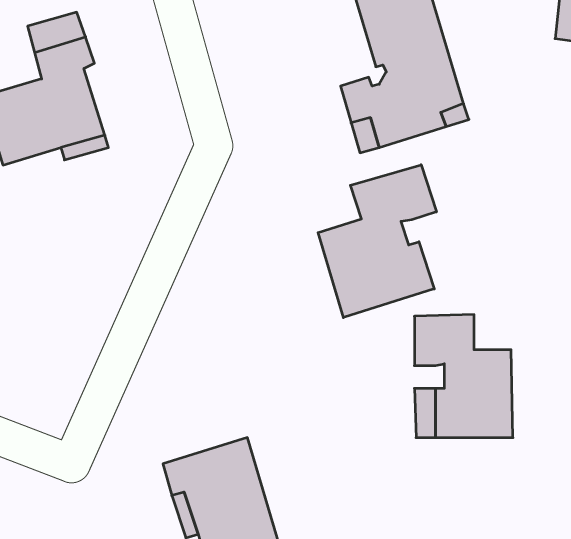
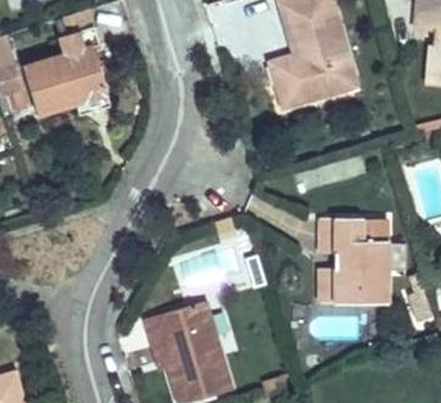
building: [318,165,436,318] -> none

